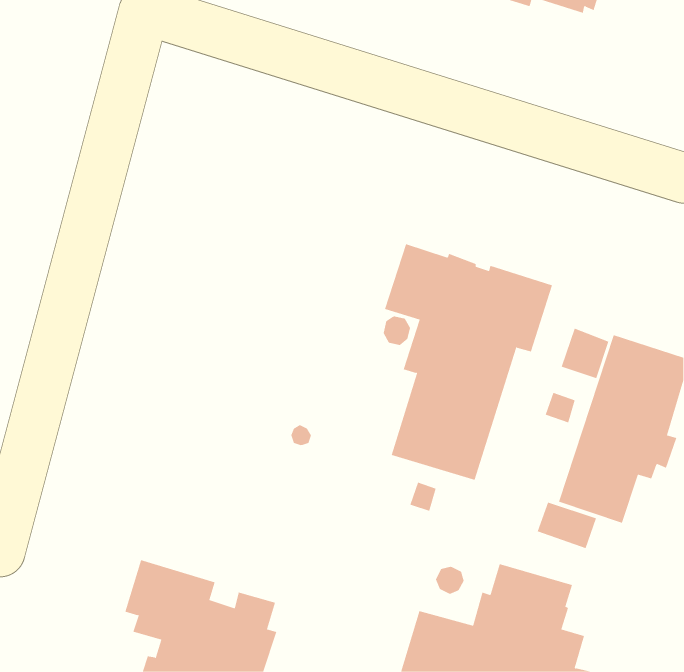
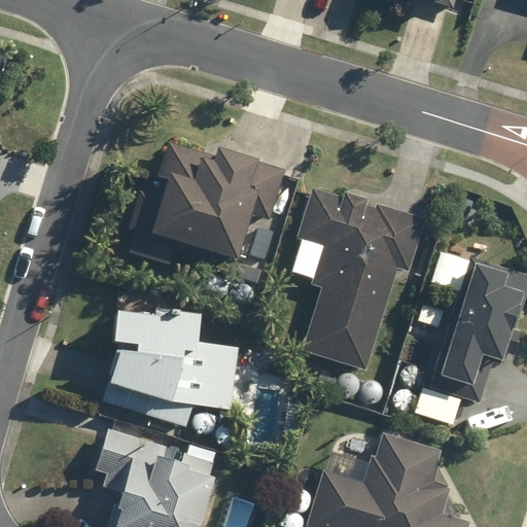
building: none -> [129,143,284,268]
building: none -> [102,321,238,426]

